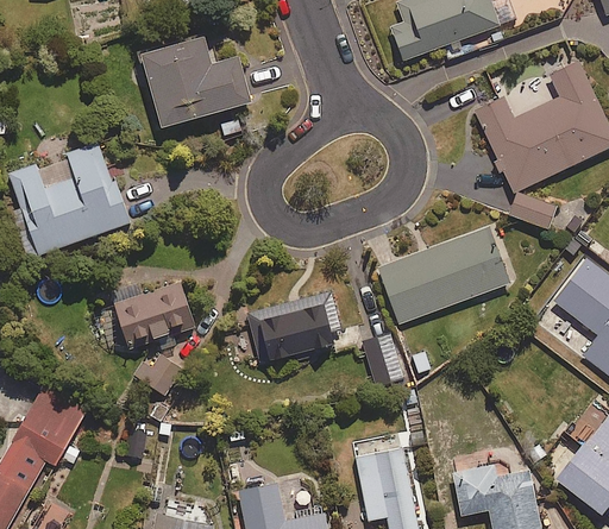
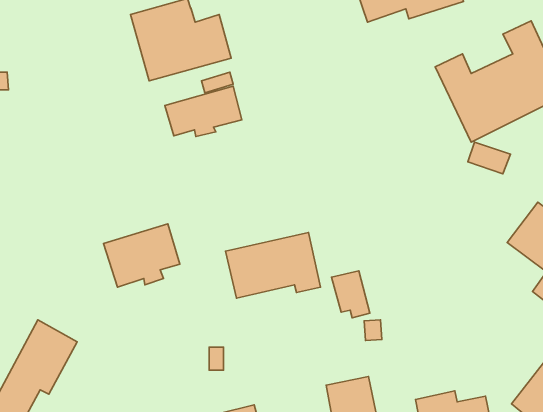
building: none -> [165,86,242,137]
building: [8,143,131,258] -> none
building: [379,226,510,323] -> none

